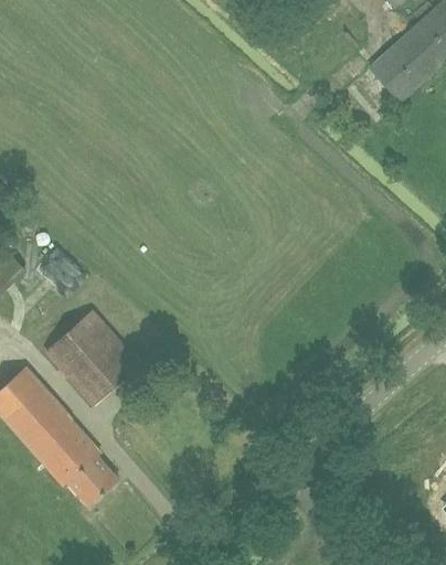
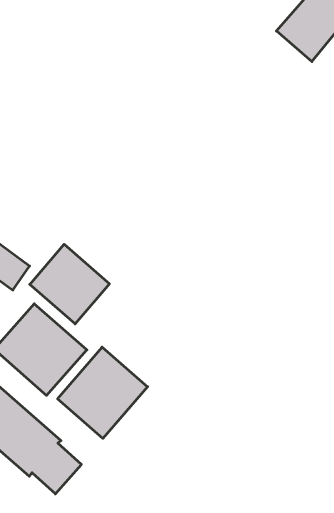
building: none -> [30,244,109,324]
building: none -> [58,347,148,438]

